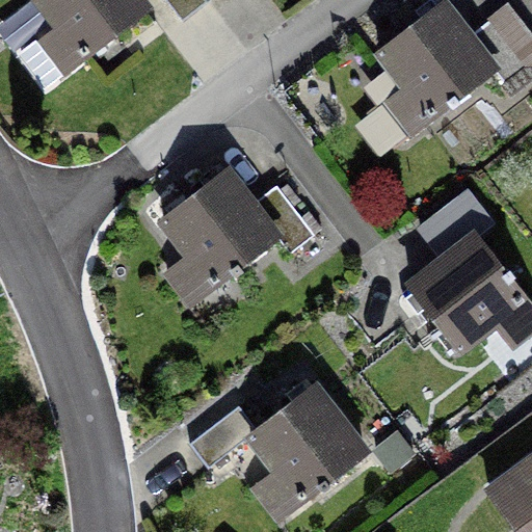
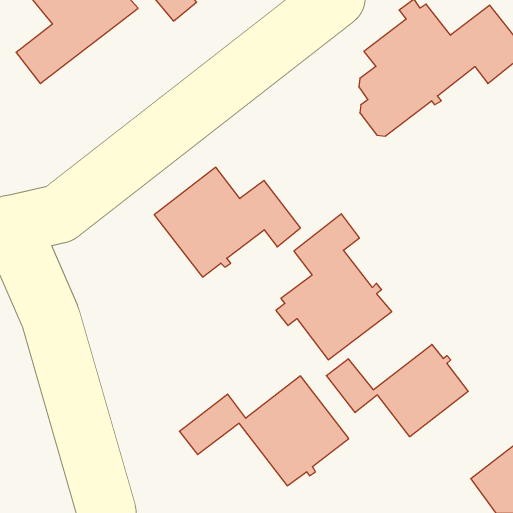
building: [403,198,523,349] -> [276,214,392,360]
building: none -> [326,344,468,437]

